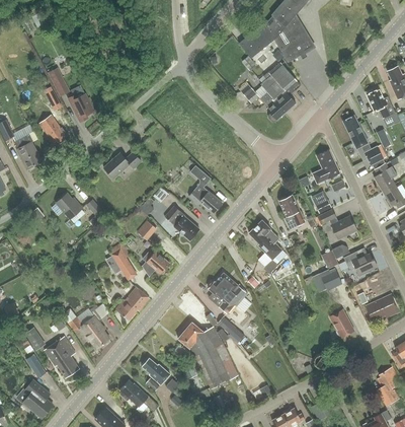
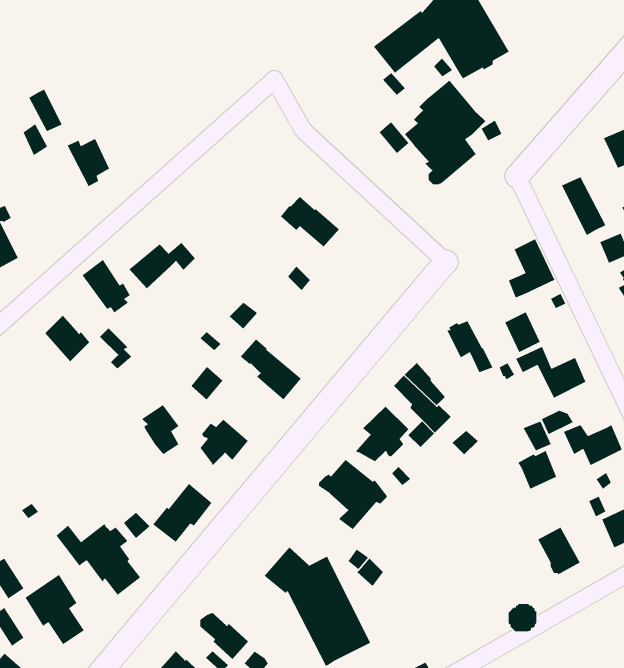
building: [38,114,66,144] -> [81,259,131,314]
building: [188,184,222,212] -> [280,196,340,247]
building: none -> [355,406,409,462]

